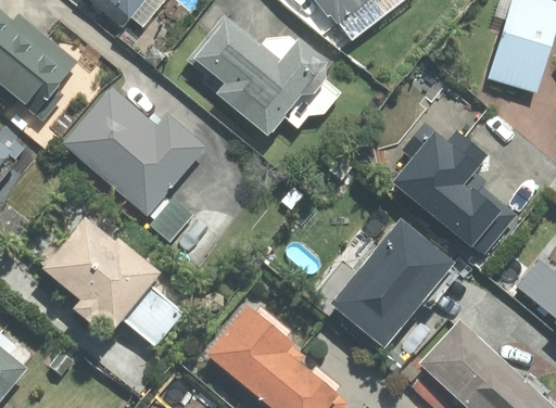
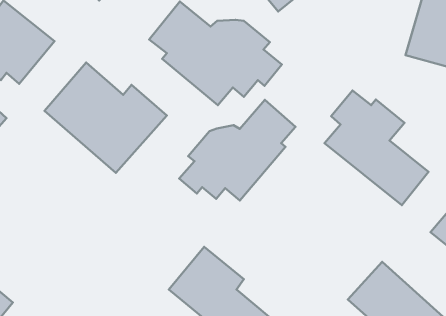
building: none -> [179,100,296,201]
building: [35,217,185,347] -> none
building: [331,217,456,346] -> none

